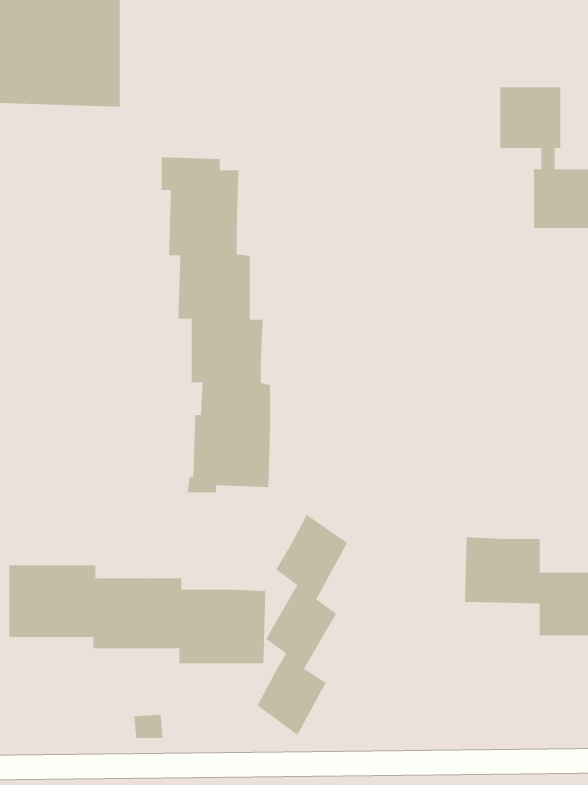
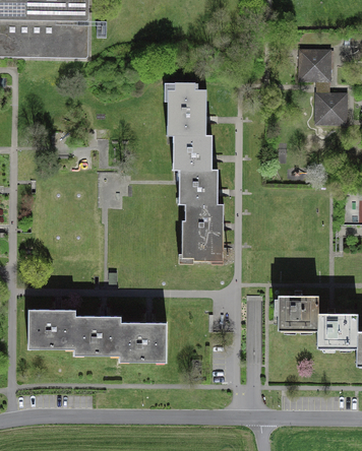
building: [161,157,271,493] -> [164,82,224,265]
building: [257,514,348,736] -> none

